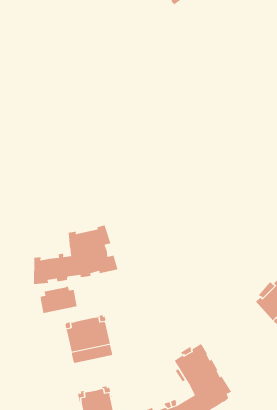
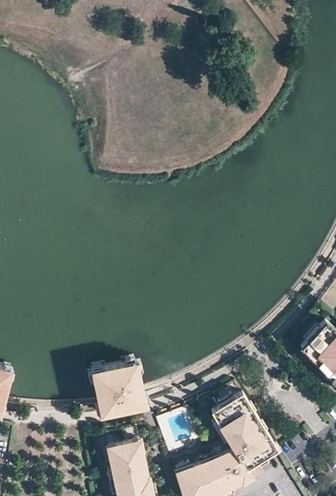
building: [33,225,118,285] -> none
building: [40,286,77,314] -> none

